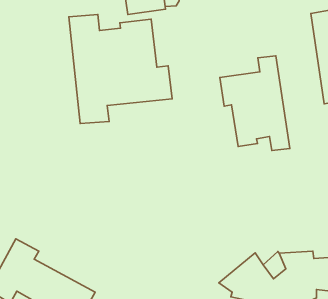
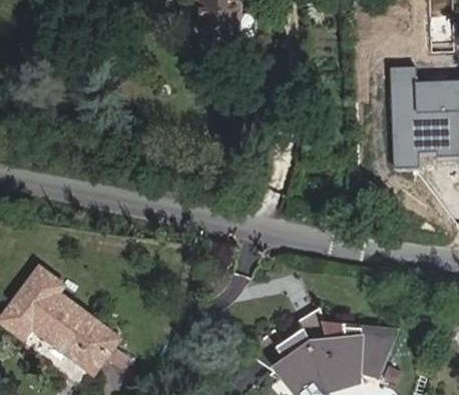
building: [69,15,172,124] -> none
building: [220,56,290,151] -> none

